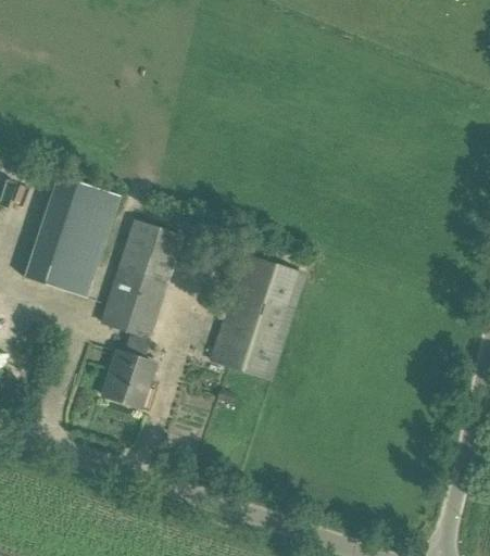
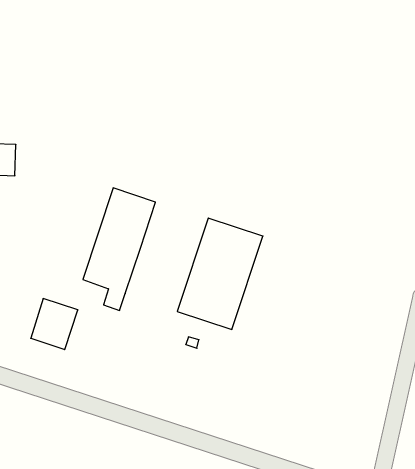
building: [35,185,129,299] -> none
building: [100,351,154,409] -> [31,299,78,350]

